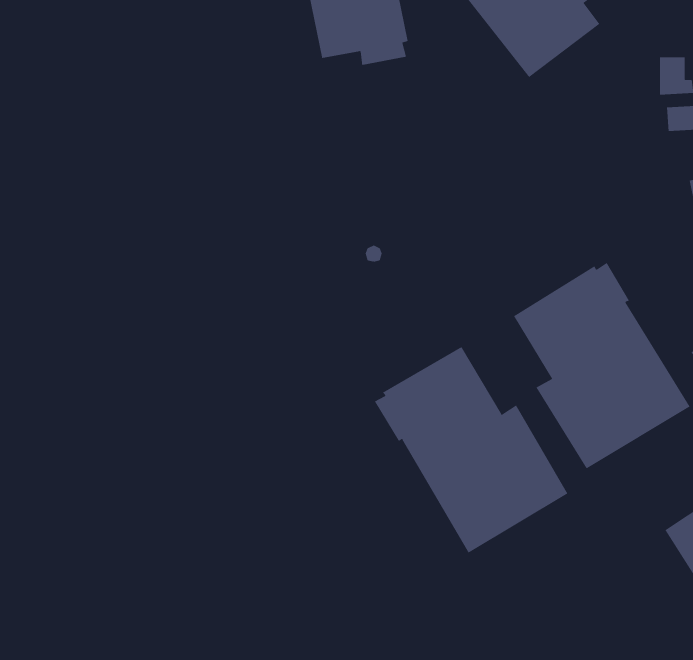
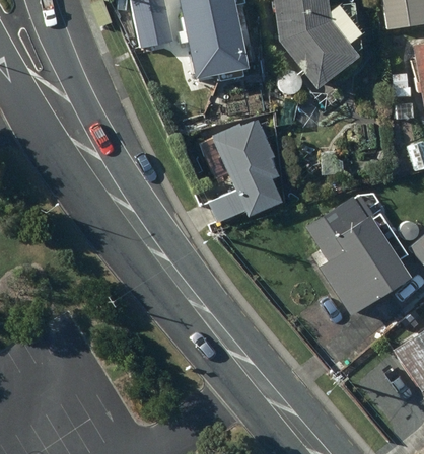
building: none -> [211,120,282,222]
building: [374,346,568,553] -> none

